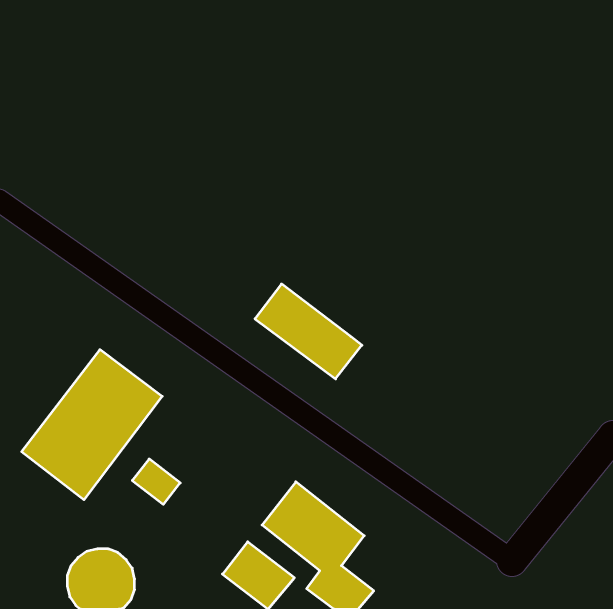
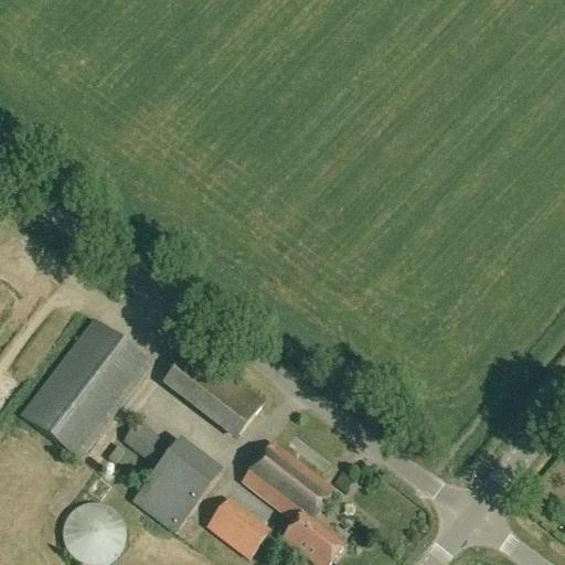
building: [255,284,362,379] -> [164,348,263,435]
building: none -> [136,430,228,530]

